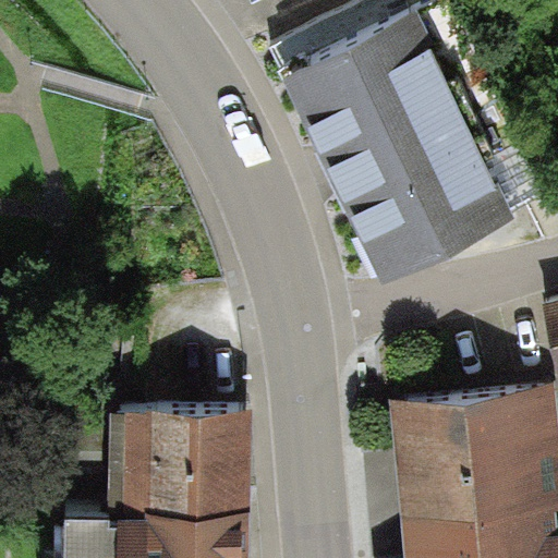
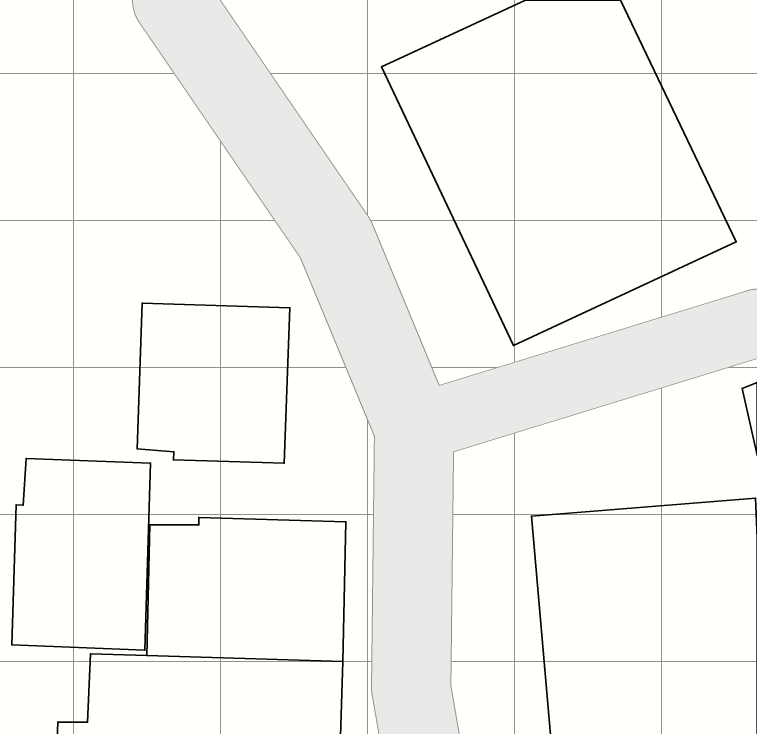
building: none -> [137,303,290,463]
building: none -> [12,458,150,650]

